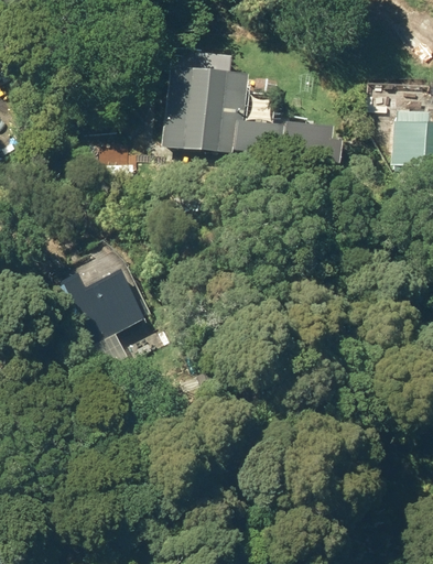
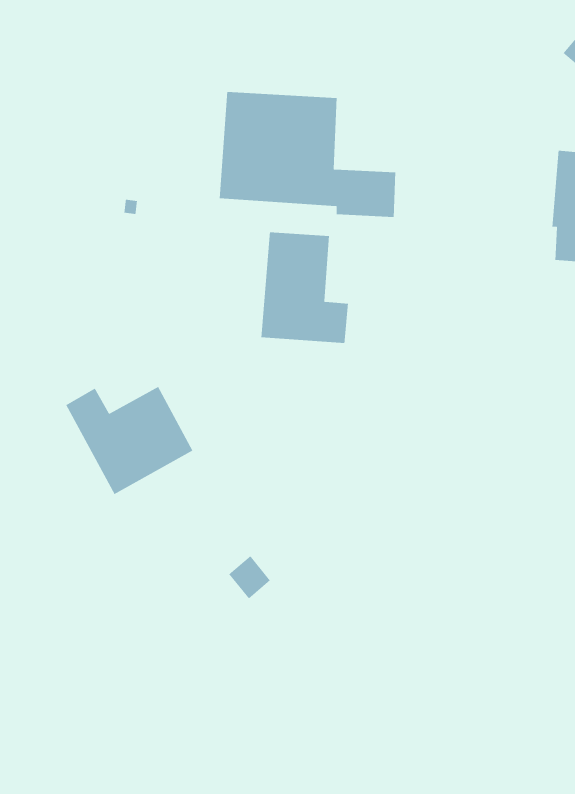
building: none -> [260,231,349,344]

